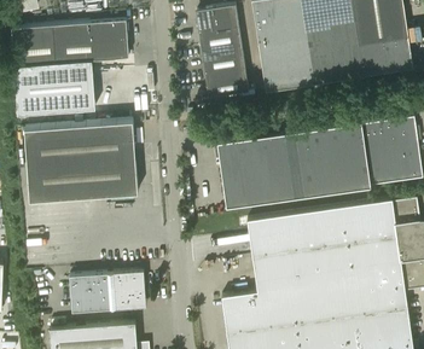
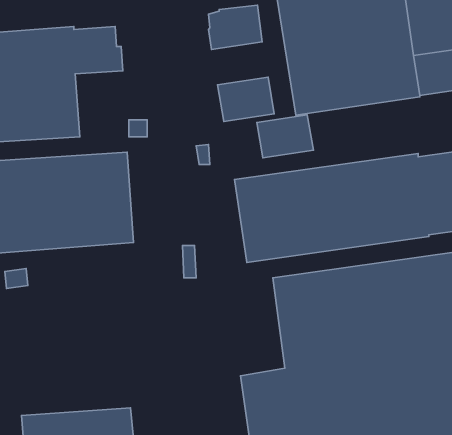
building: [198,35,243,69] -> [257,115,313,158]
building: [69,273,144,314] -> none

